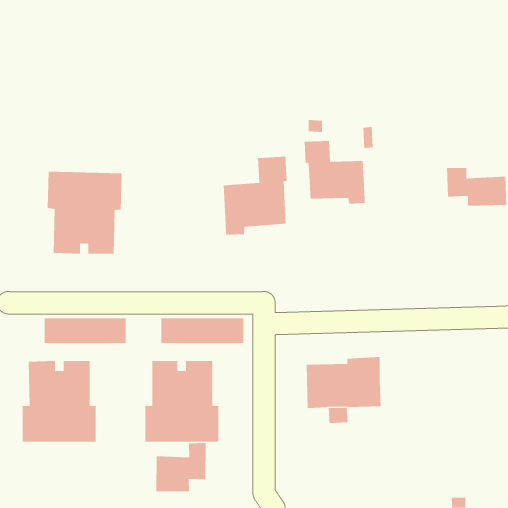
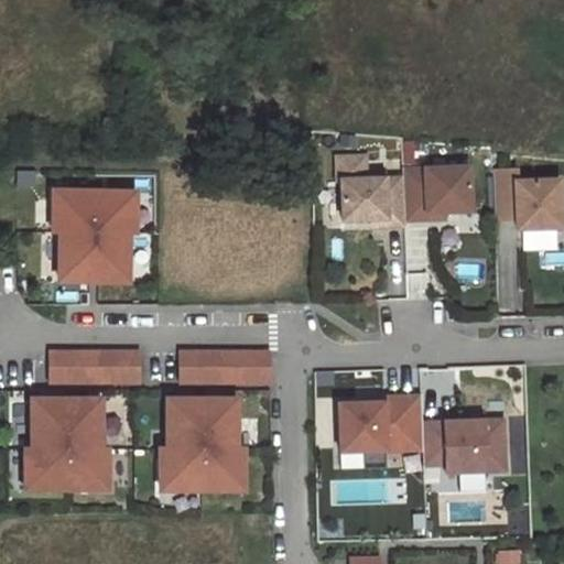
building: none -> [403,166,471,220]
building: [223,156,287,235] -> none
building: none -> [422,419,506,473]
building: [156,442,206,492] -> none

